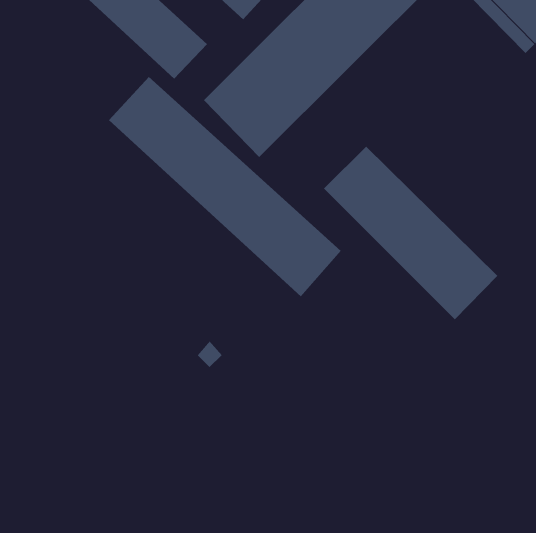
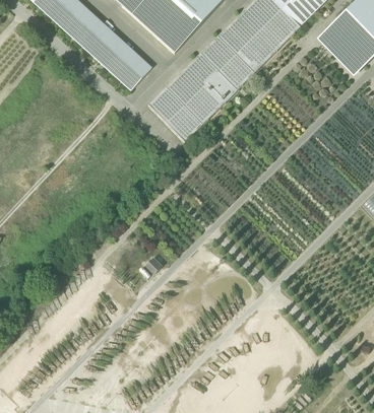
building: [108,76,342,297] -> none
building: [323,146,498,320] -> none

